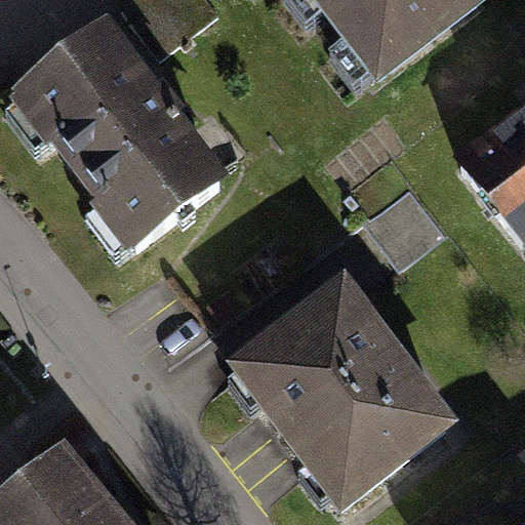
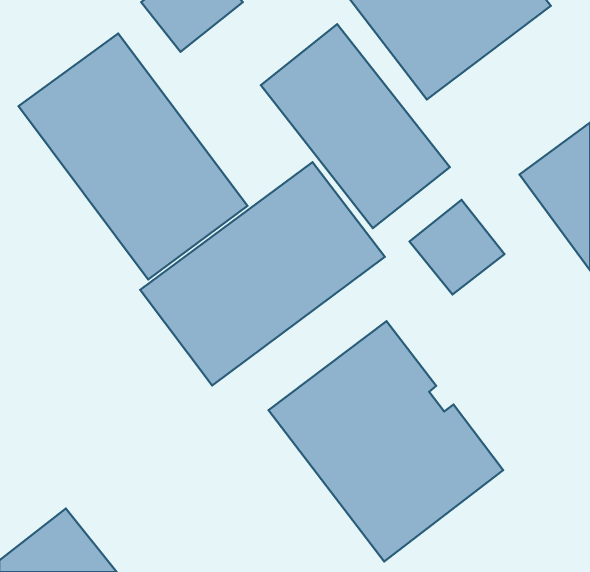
building: none -> [261,24,450,228]
building: none -> [140,162,385,386]

